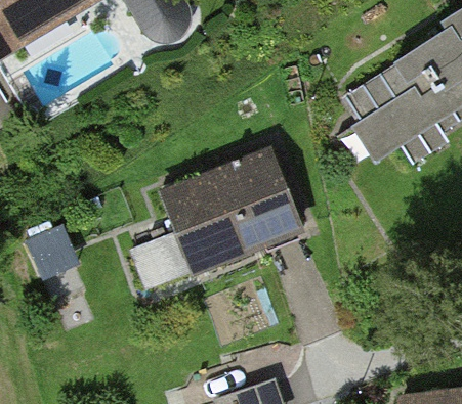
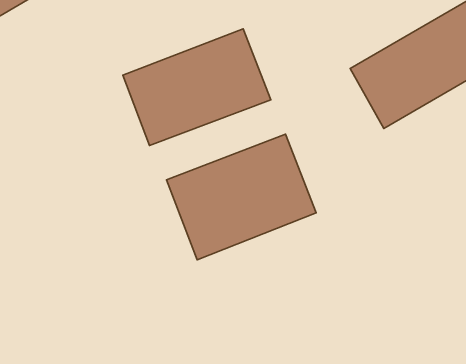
building: none -> [123,29,271,146]

